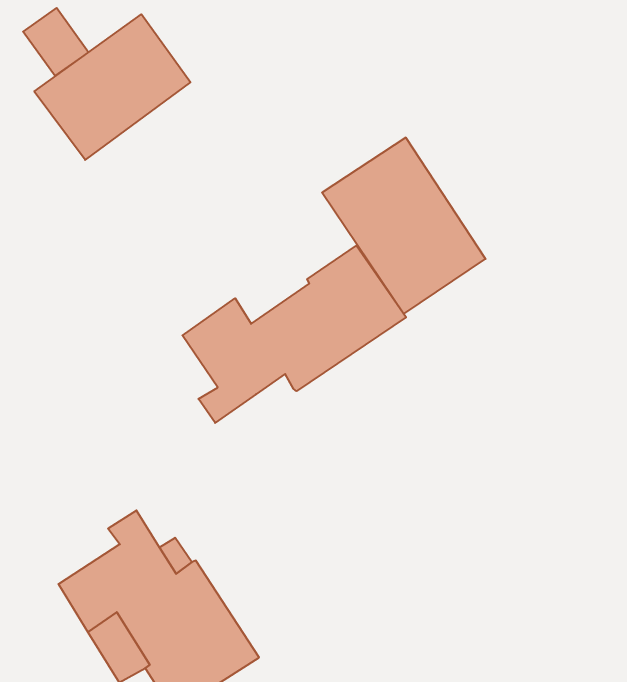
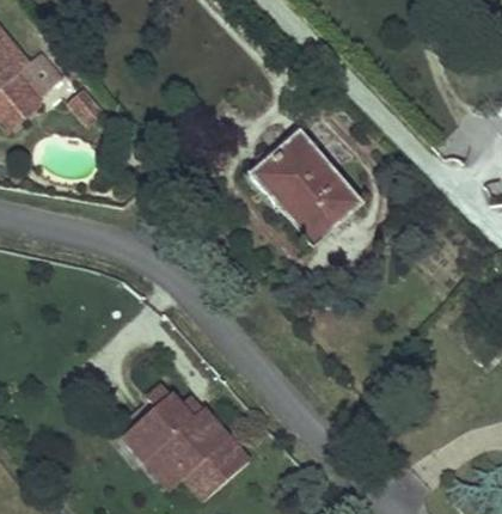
building: [34,14,190,160] -> none
building: [182,246,406,423] -> none

